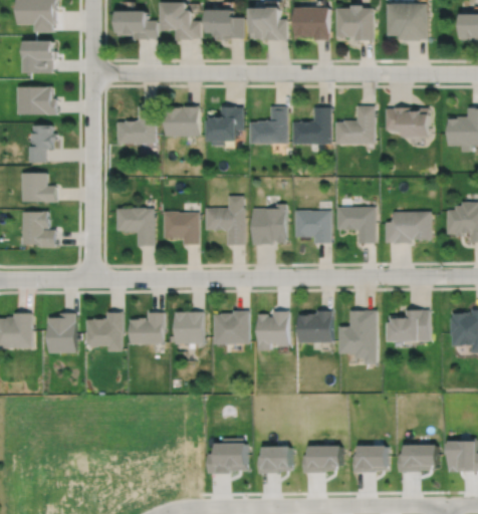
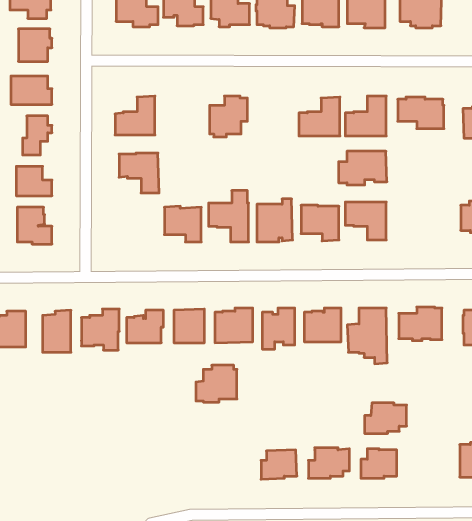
building: [165,106,199,137] -> none
building: [249,107,288,145] -> none
building: [116,209,155,247] -> [119,153,159,193]
building: [386,213,432,245] -> [339,151,387,185]
building: [206,438,245,473] -> [196,365,237,402]
building: [397,442,437,471] -> [365,403,407,433]

